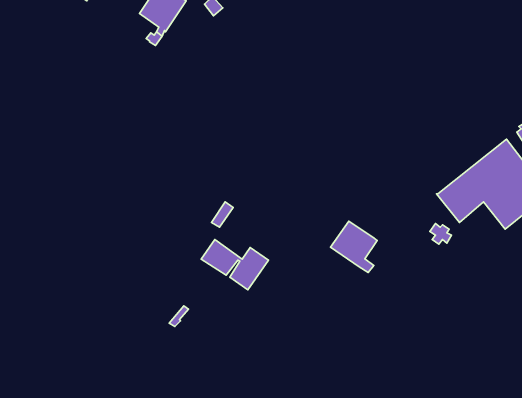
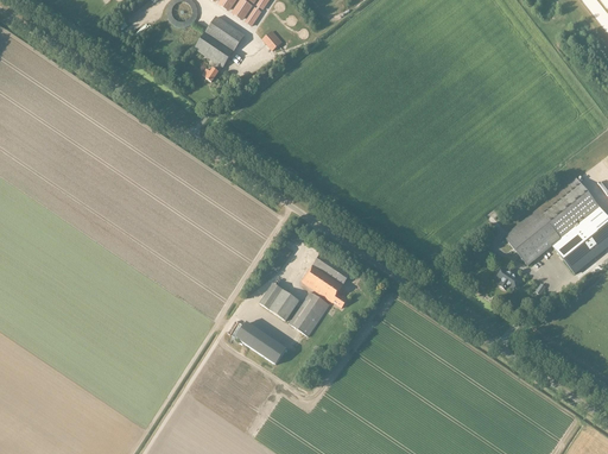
building: [330,221,377,272] -> [303,253,352,307]
building: none -> [238,322,286,364]

